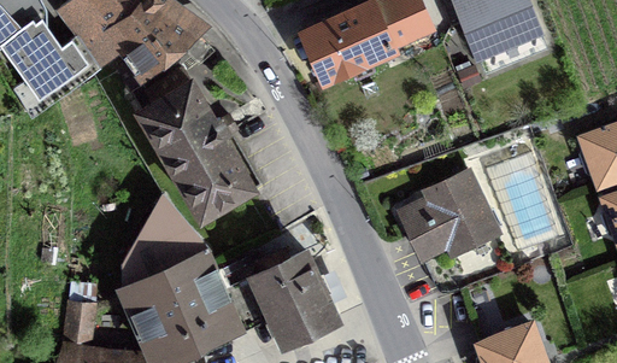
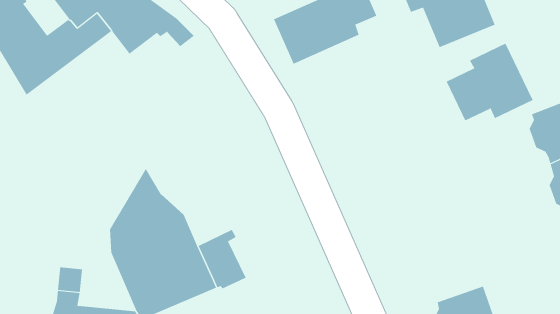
building: [133,62,253,215] -> none
building: [402,170,498,256] -> [446,43,533,121]
building: [254,251,337,340] -> none

